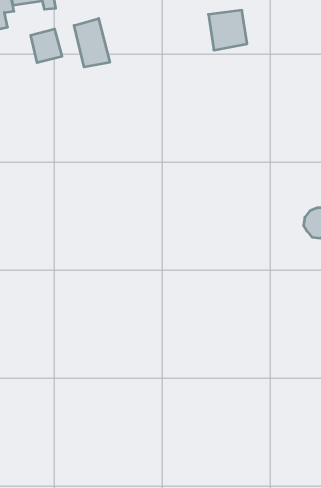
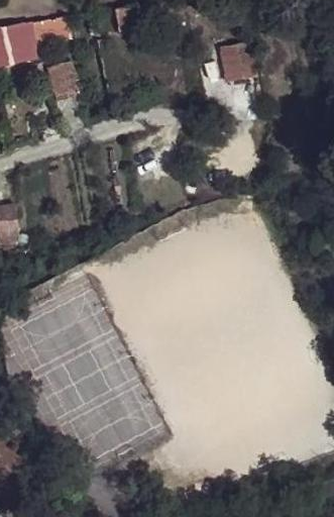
building: [74,18,110,67] -> none

